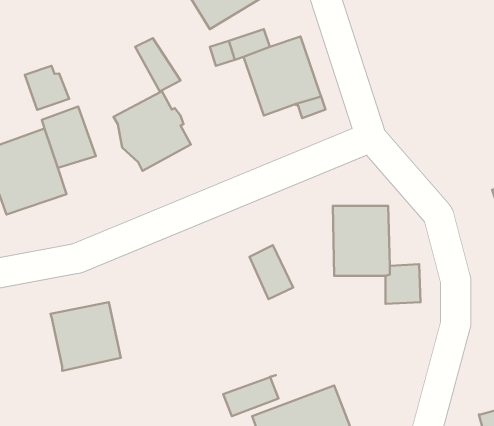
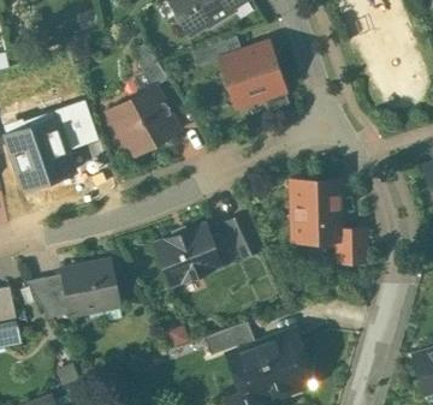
building: [25,66,69,110] -> none
building: none -> [154,225,220,285]
building: none -> [24,274,70,318]

